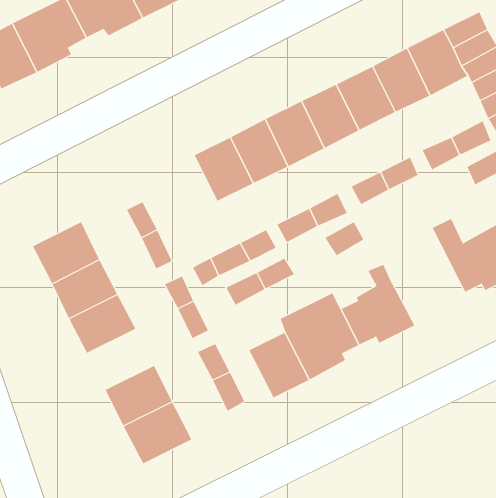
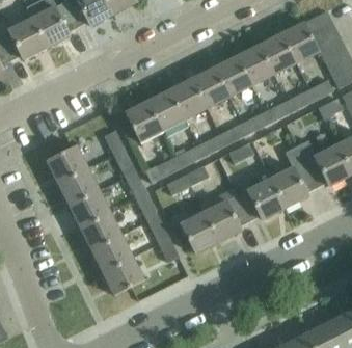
building: none -> [125,101,161,141]
building: none -> [270,146,317,208]
building: none -> [79,210,121,248]

